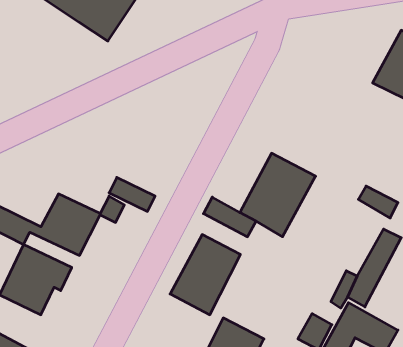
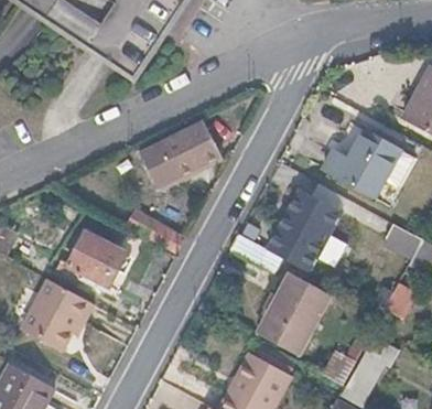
building: none -> [140,118,215,179]
building: none -> [327,128,408,196]
building: [170,235,240,315] -> [259,273,330,354]

